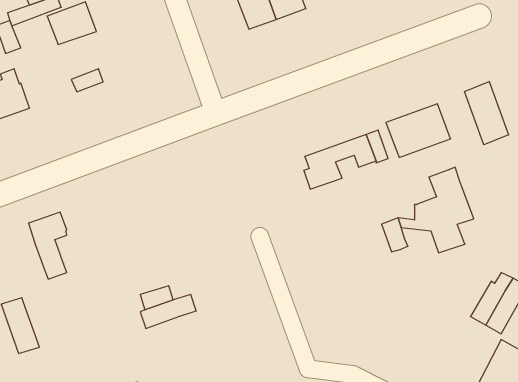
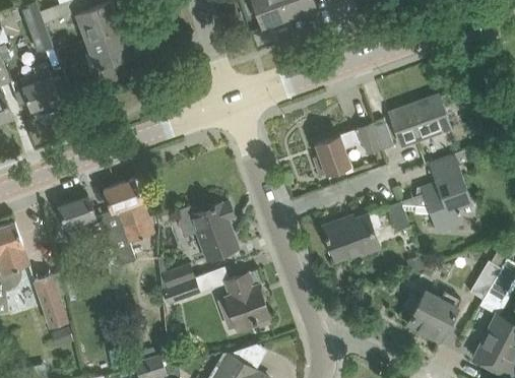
building: none -> [85,29,130,68]
building: [465,82,509,145] -> none
building: none -> [100,180,153,267]
building: none -> [176,199,238,260]
building: none -> [324,215,376,261]
building: none -> [223,270,268,328]
building: none -> [407,292,459,340]

